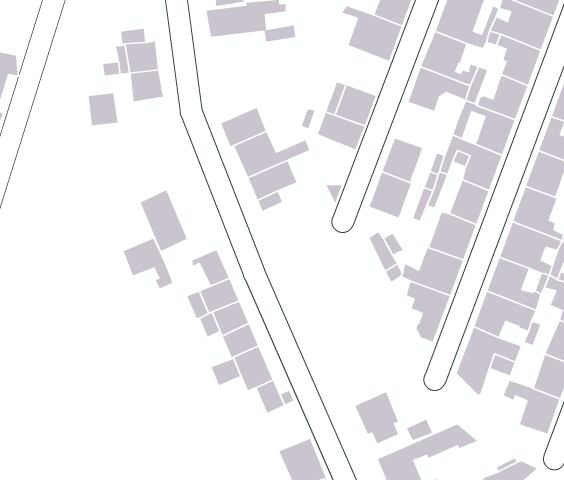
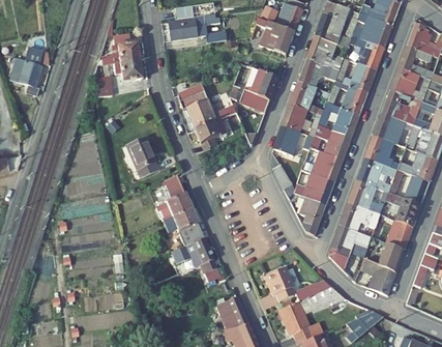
building: none -> [290,81,316,110]
building: [123,238,174,290] -> none

